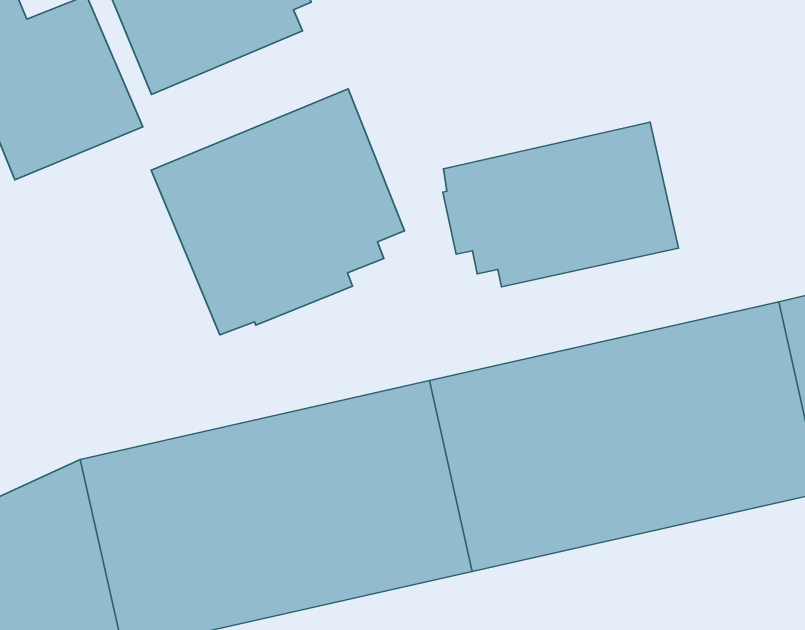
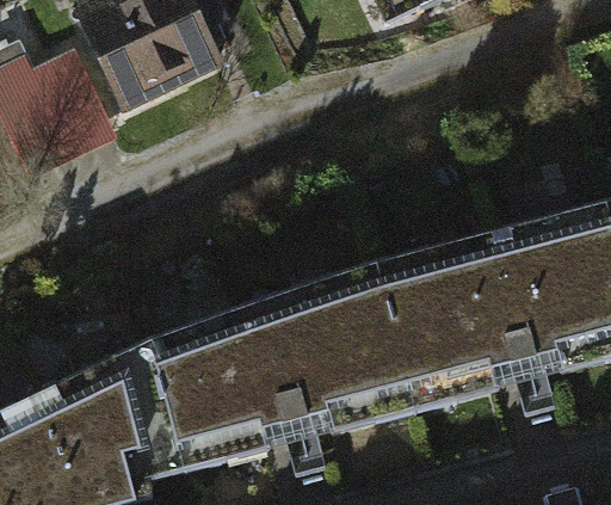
building: [151,89,405,335] -> none
building: [443,122,679,287] -> none

